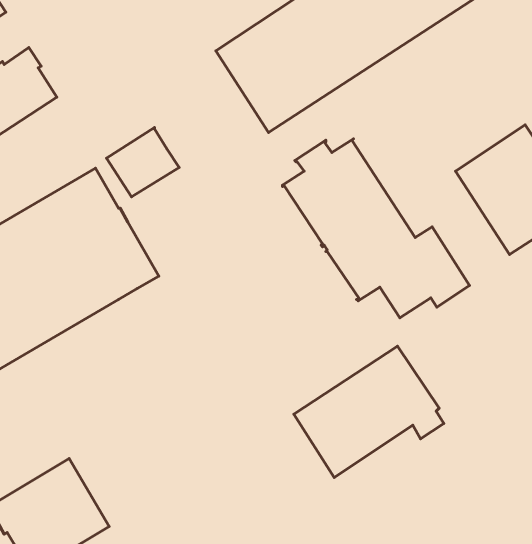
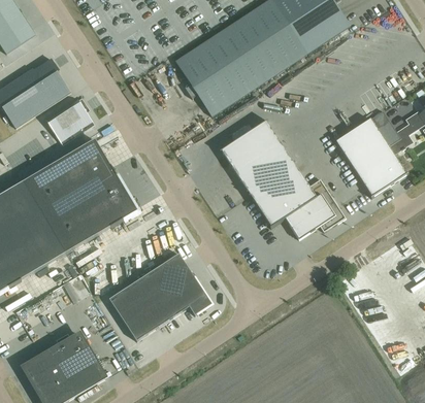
building: [107,127,179,197] -> [45,97,94,143]
building: [294,346,444,478] -> [109,253,209,340]

